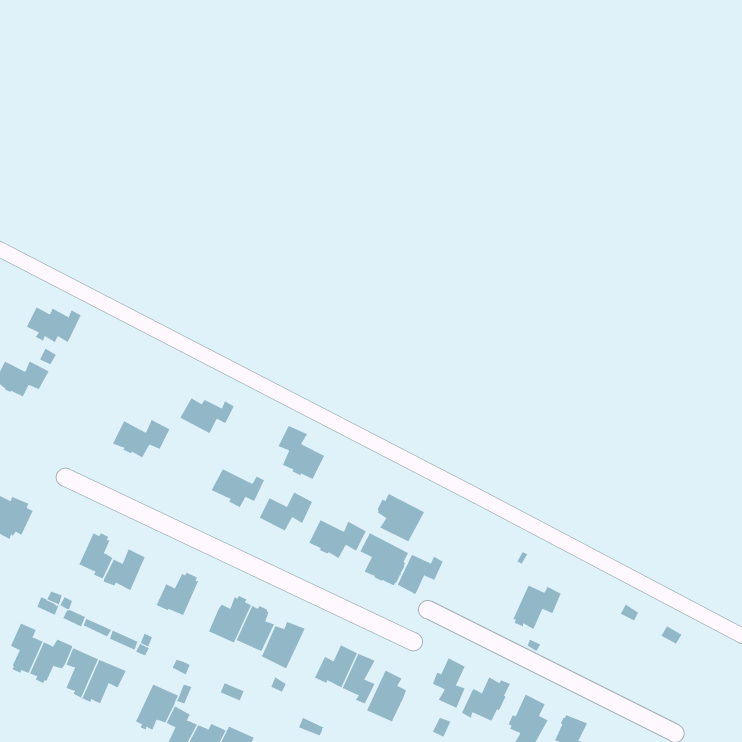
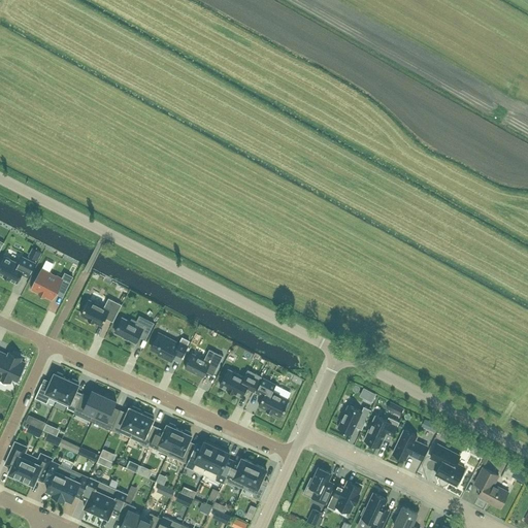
building: [26,306,81,343] -> [32,271,71,297]
building: [179,398,235,434] -> [113,318,153,343]
building: [278,425,325,480] -> none
building: [377,493,425,542] -> none
building: none -> [34,372,66,403]
building: [397,554,444,595] -> [337,405,370,434]
building: none -> [93,396,118,430]
building: none -> [130,411,155,448]
building: none -> [392,430,427,460]
building: none -> [429,444,463,485]
building: none -> [474,468,506,507]
building: [366,670,407,722] -> [203,447,232,484]
building: none -> [79,476,108,513]

